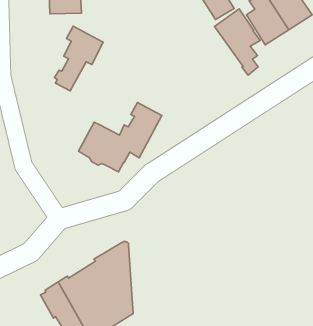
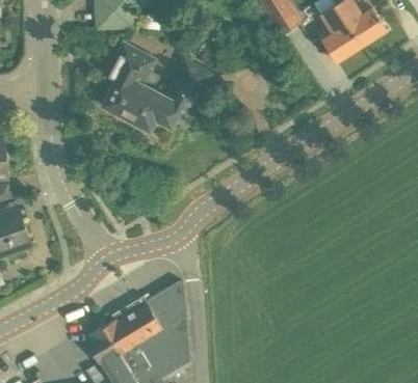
building: [214,9,260,75] -> none
building: [78,102,162,172] -> [119,59,211,136]

